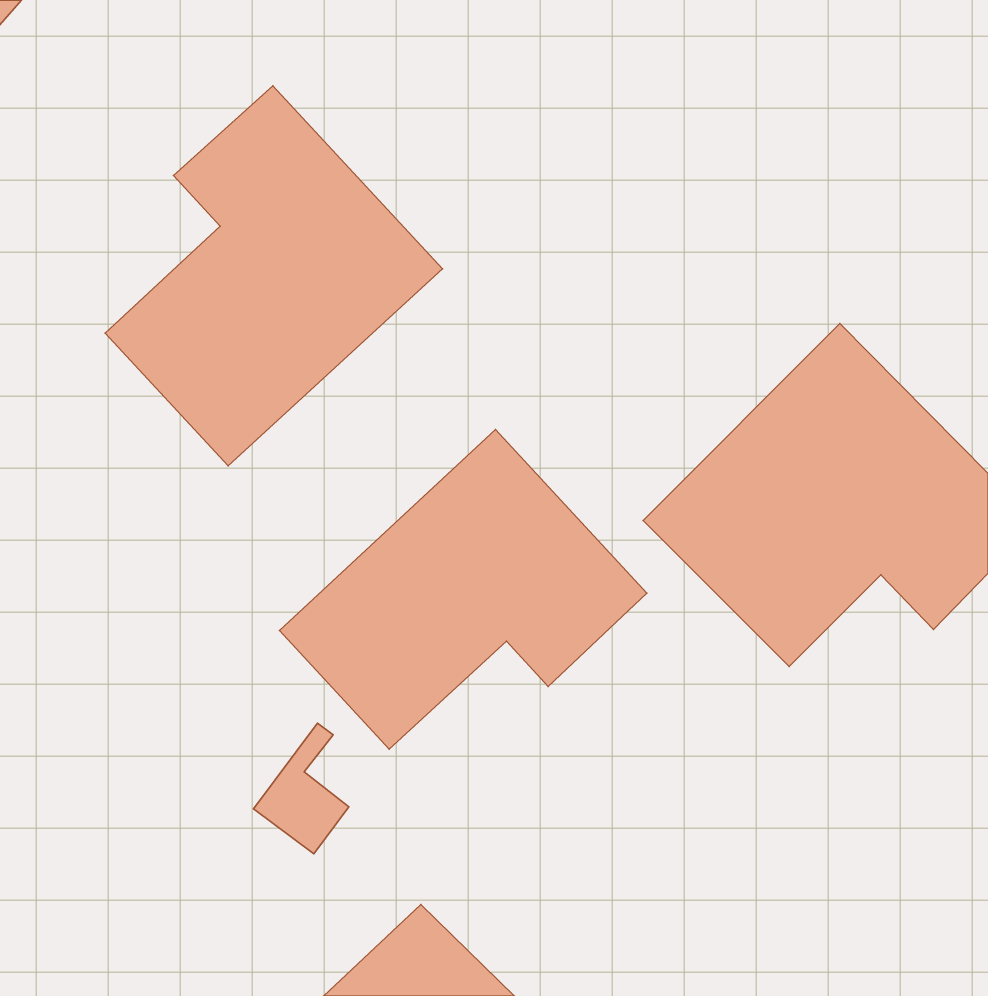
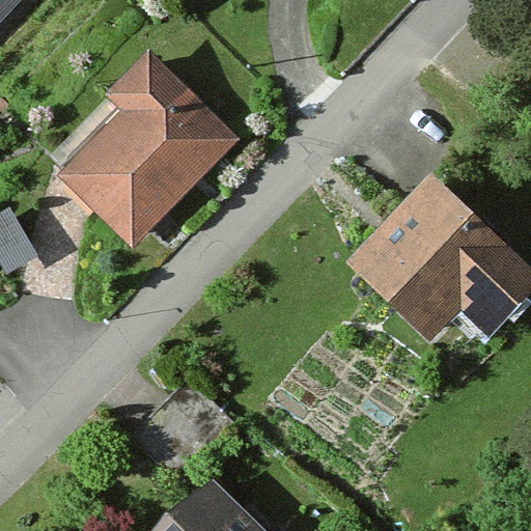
building: [280,429,647,749] -> none

